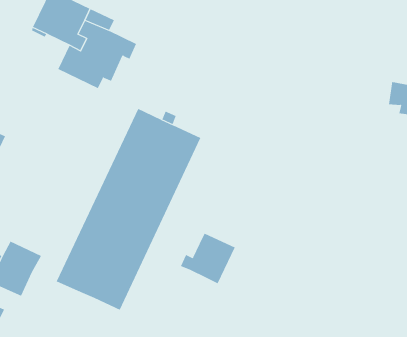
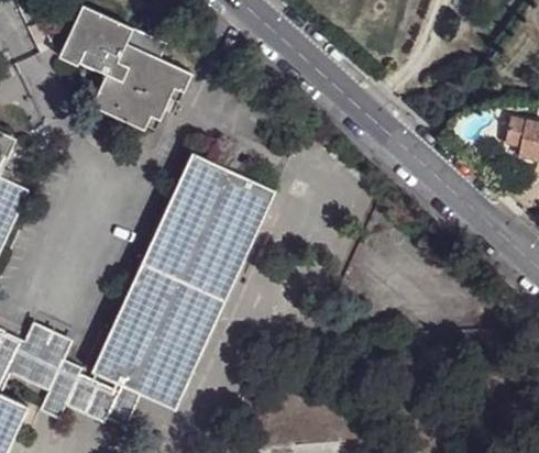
building: [180,233,235,284] -> none
building: none -> [40,360,139,426]

